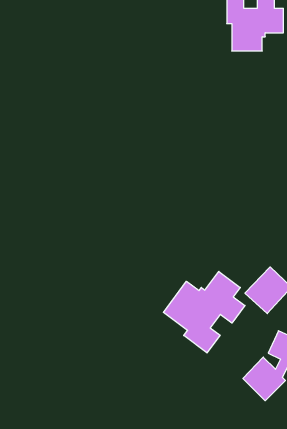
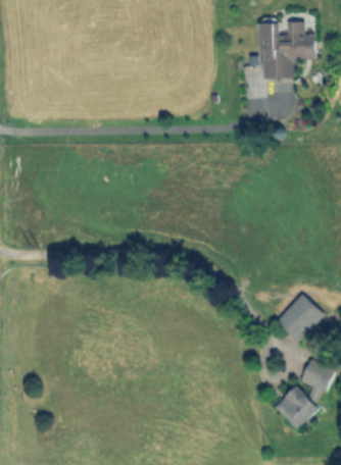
building: [163,271,245,353] -> none

